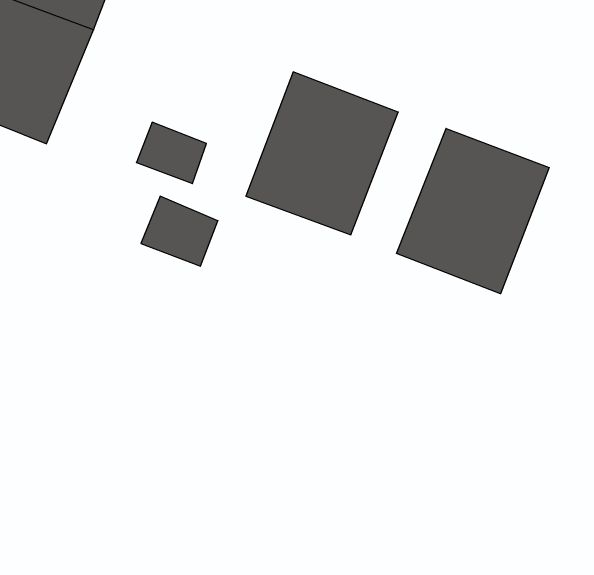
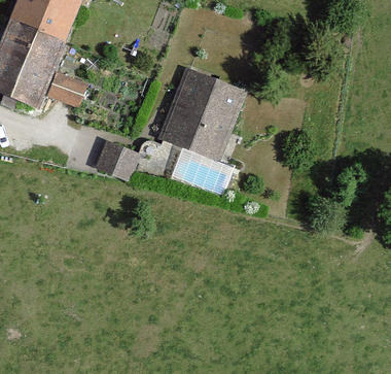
building: [136,122,206,184] -> [48,69,90,105]
building: [397,128,549,294] -> none

